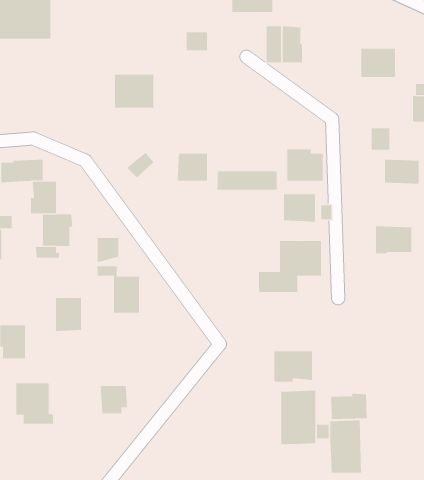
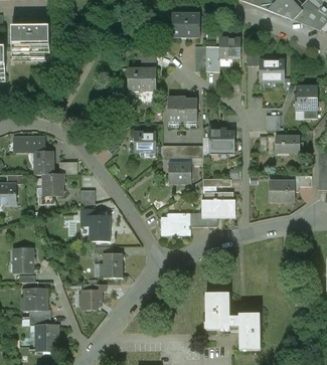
building: none -> [218,38,239,57]
building: [114,74,154,108] -> [128,67,155,90]
building: none -> [168,96,196,121]
building: [283,194,316,222] -> [168,163,190,182]
building: none -> [160,212,190,234]
building: [55,298,82,332] -> [104,254,122,278]
building: [274,351,312,382] -> none
building: [331,393,367,420] -> none
building: none -> [29,316,57,349]

